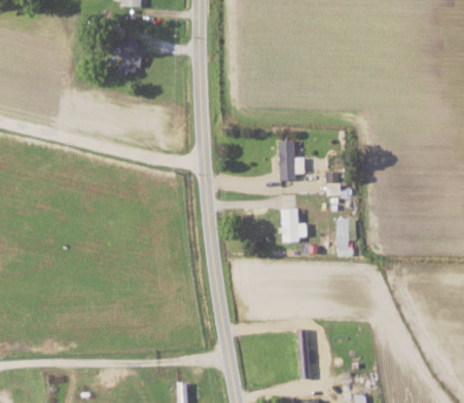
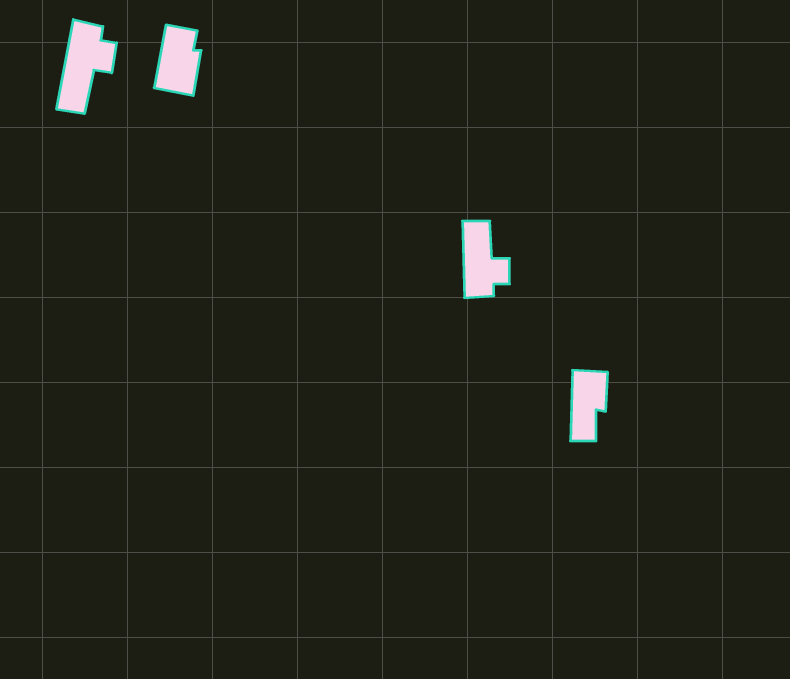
building: none -> [57,19,117,114]
building: [279,209,299,243] -> none

